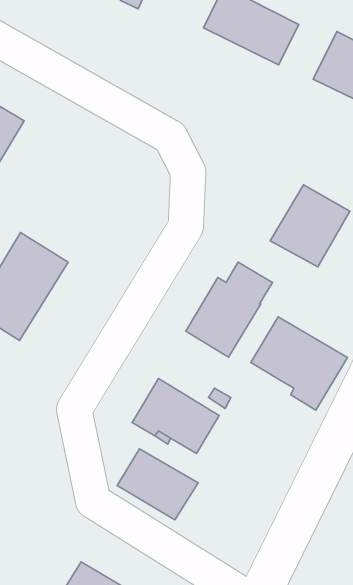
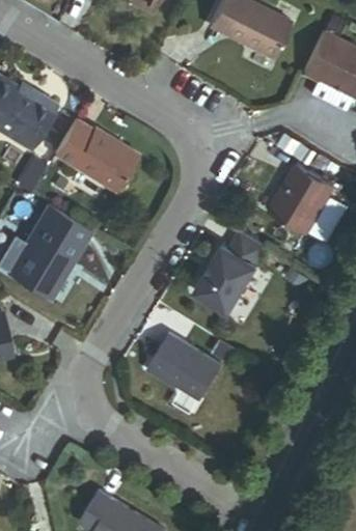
building: none -> [52,119,136,191]
building: [251,317,348,410] -> none
building: [117,449,198,520] -> none

